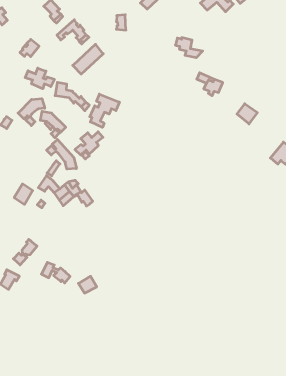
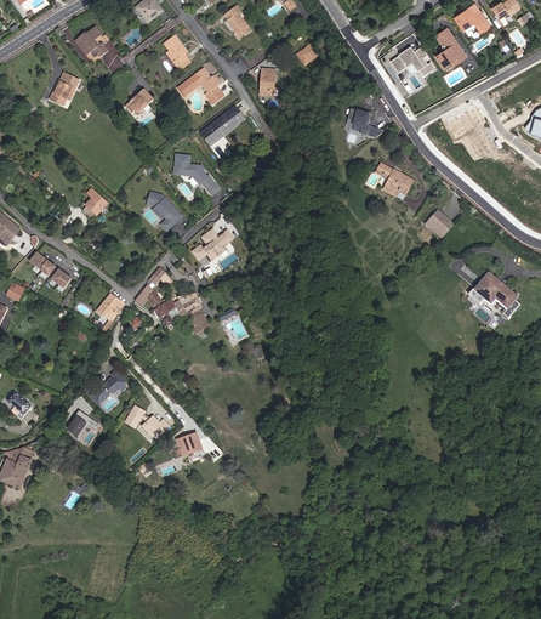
building: [25,68,54,89] -> none
building: [90,94,119,127] -> none
building: [18,99,45,126] -> none
building: [47,139,76,169] -> none

